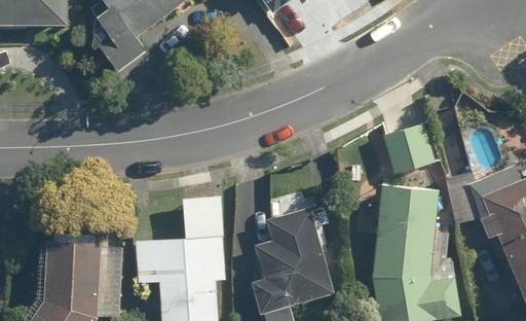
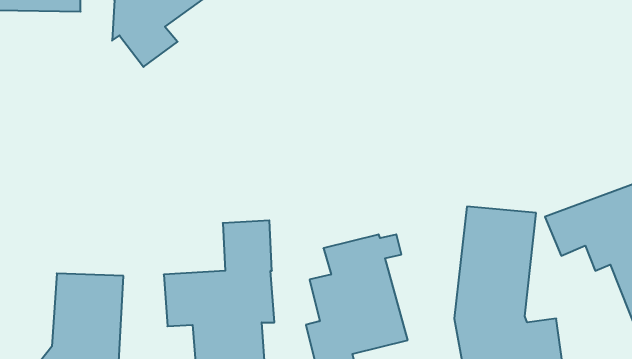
building: [382,123,435,174] -> none

